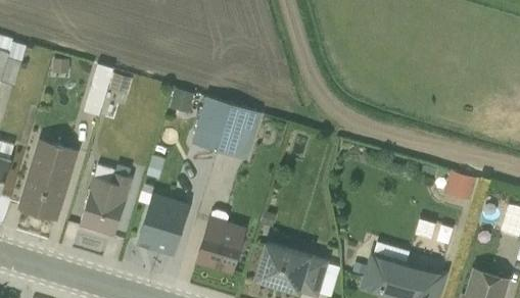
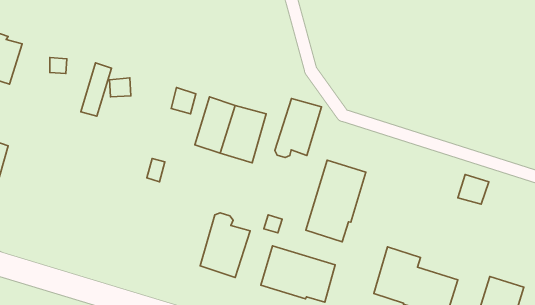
building: none -> [275,98,321,158]
building: [20,139,77,218] -> none
building: none -> [306,160,366,242]
building: [80,164,133,236] -> none
building: [138,192,188,254] -> none

